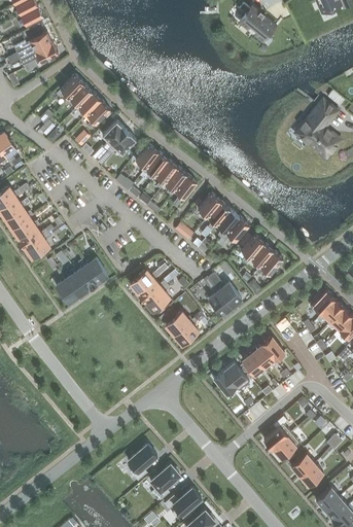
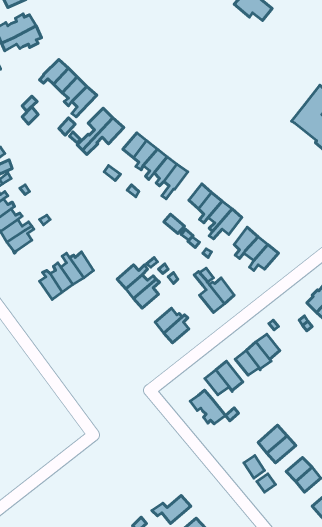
building: none -> [190,390,226,424]
building: [128,444,156,481] -> none
building: [150,464,179,500] -> none

